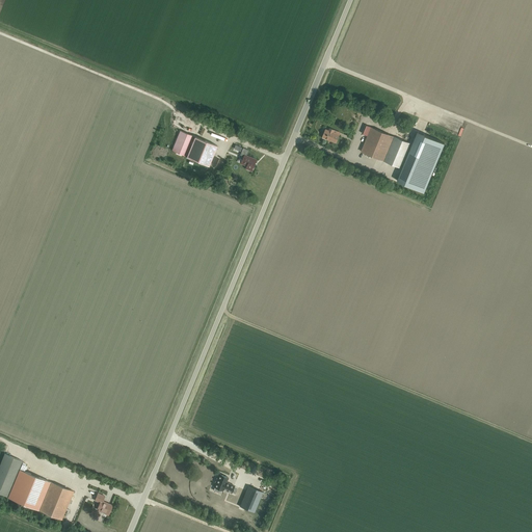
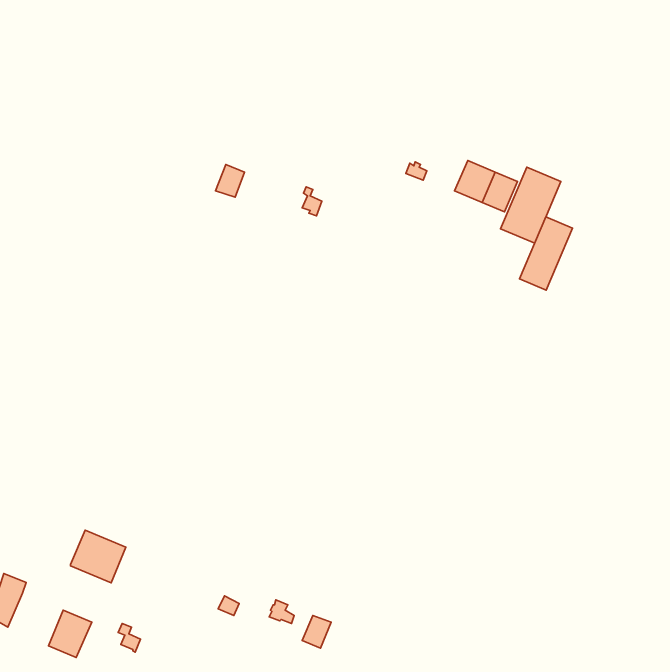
building: [186,136,216,165] -> none
building: none -> [520,217,572,290]
building: [6,469,50,510] -> [71,530,126,583]

